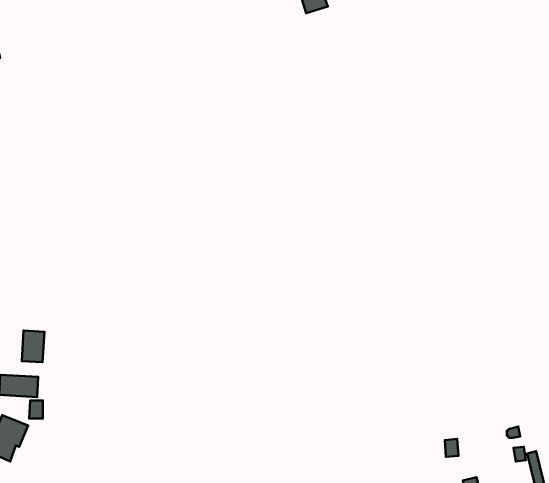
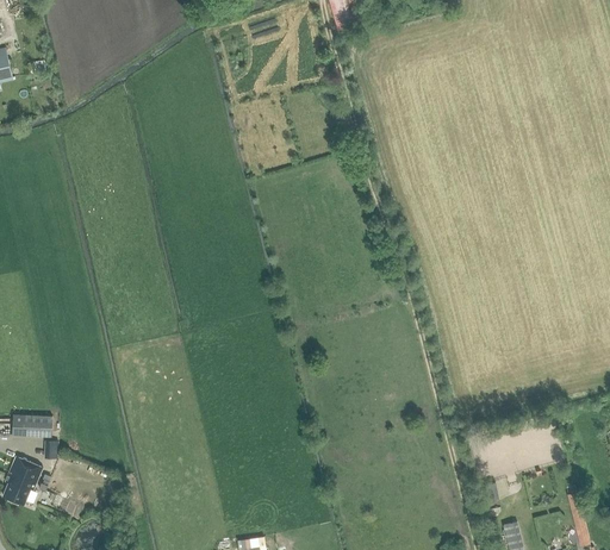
building: [22,331,44,362] -> none

